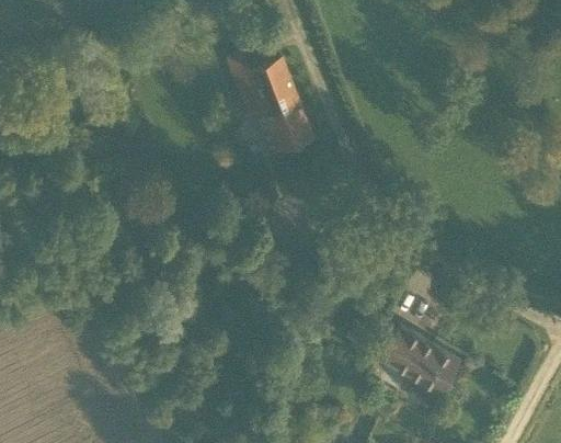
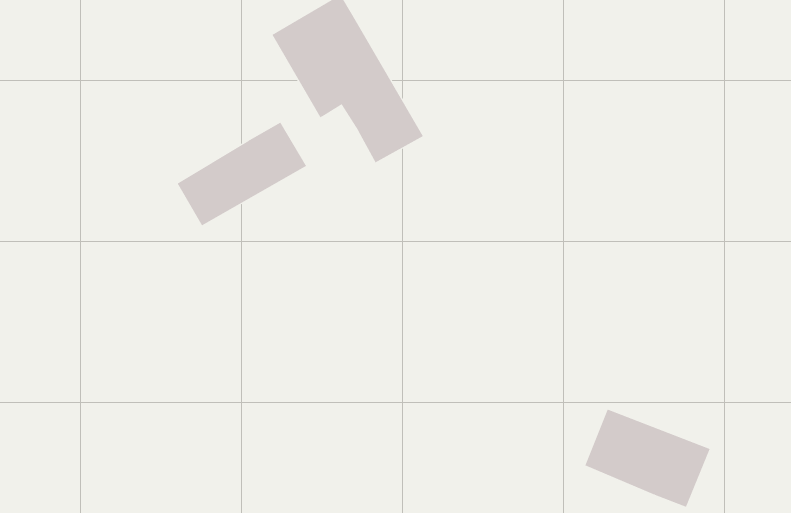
building: none -> [177,122,307,226]

